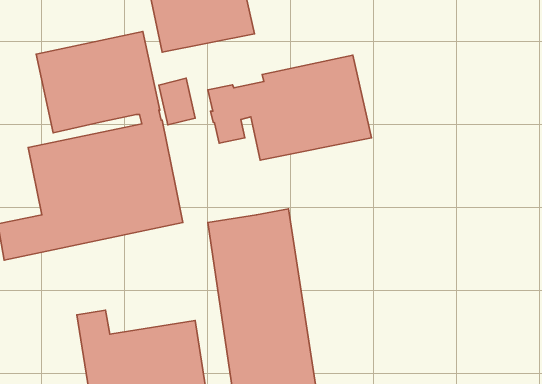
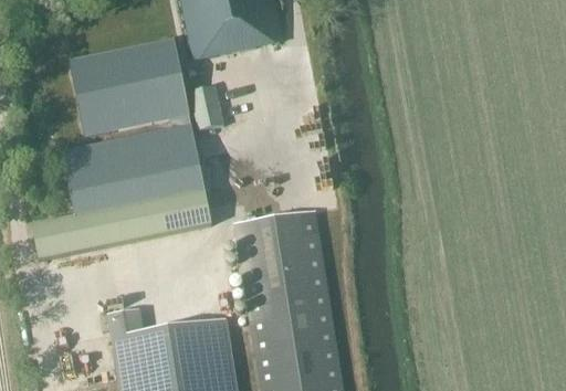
building: [208,55,371,160] -> none

